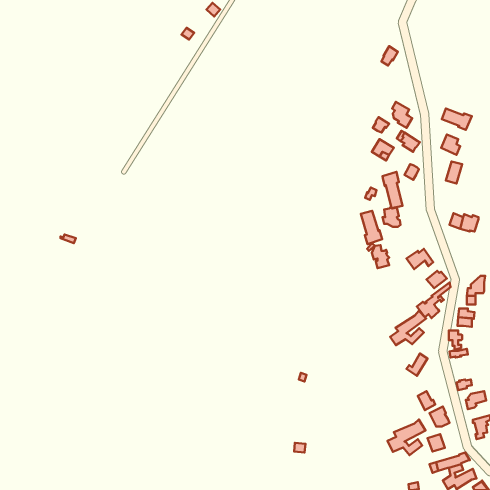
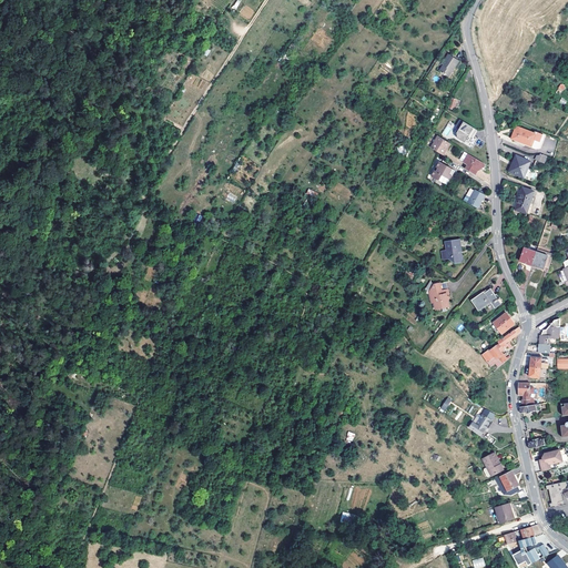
building: [382,172,402,208] -> none
building: [361,211,382,244] -> none
building: [390,311,426,345] -> none
building: [388,420,426,455] -> none

